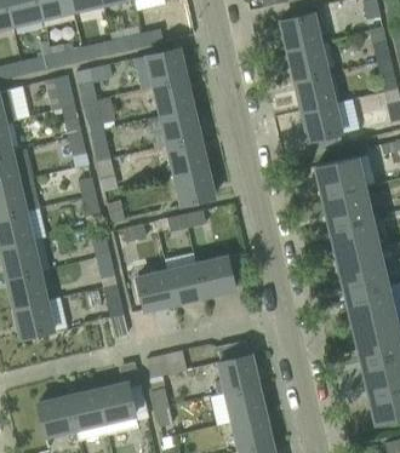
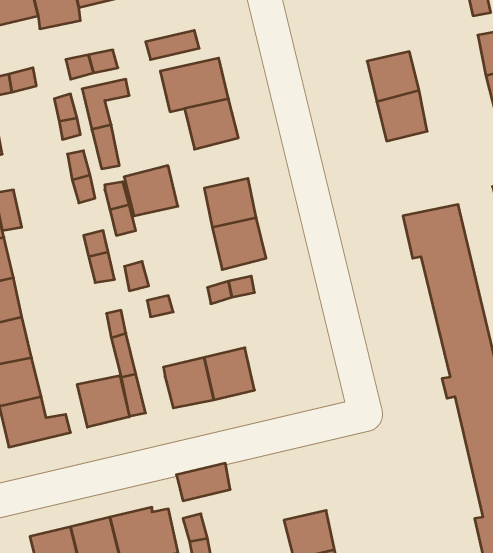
building: [281,13,320,51] -> none
building: [303,103,341,141] -> none
building: [160,108,200,145] -> [124,166,178,216]
building: [198,257,235,296] -> none
building: none -> [77,375,129,427]
building: [215,340,258,394] -> none

